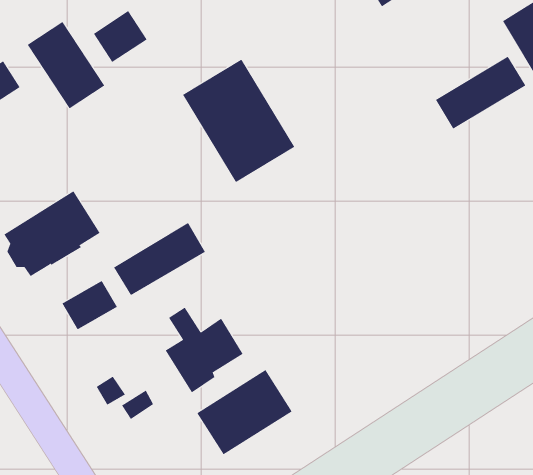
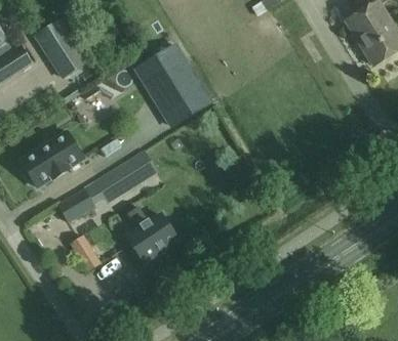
building: [93,10,147,63] -> none
building: [435,56,526,130] -> none
building: [196,369,292,455] -> none

